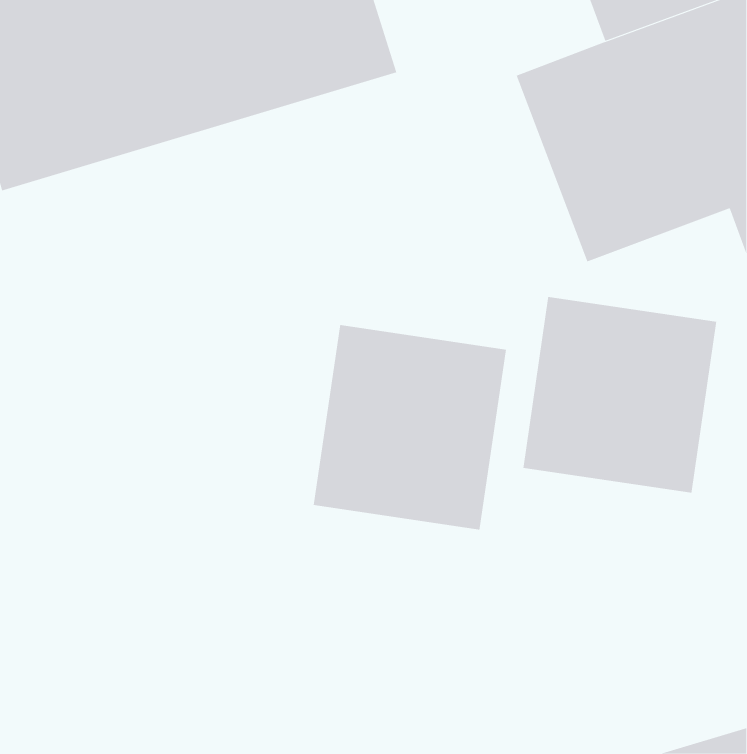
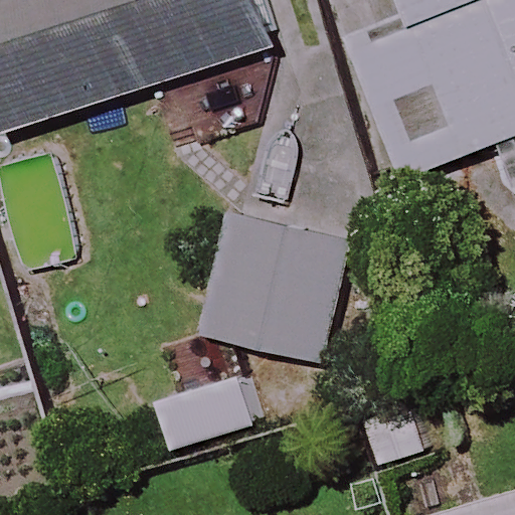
building: [523,296,717,494] -> none

